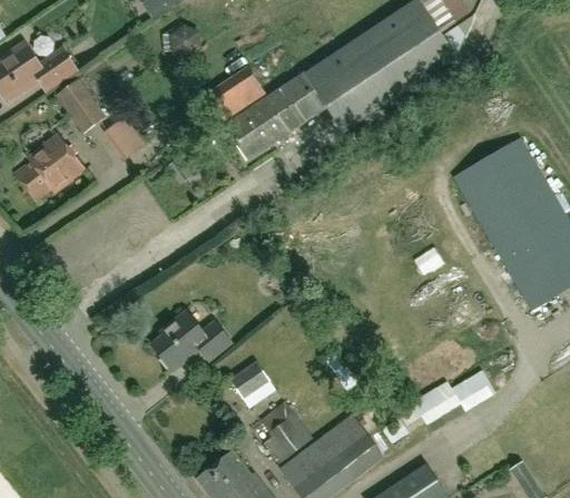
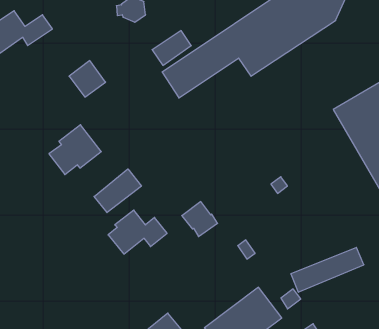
building: [57,78,107,133] -> none
building: [14,134,85,201] -> [49,125,101,175]
building: none -> [94,169,141,213]
building: [227,361,275,408] -> [182,202,218,237]
building: [261,400,313,462] -> none

